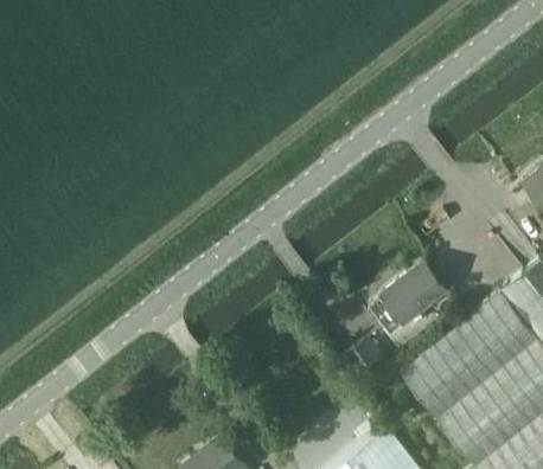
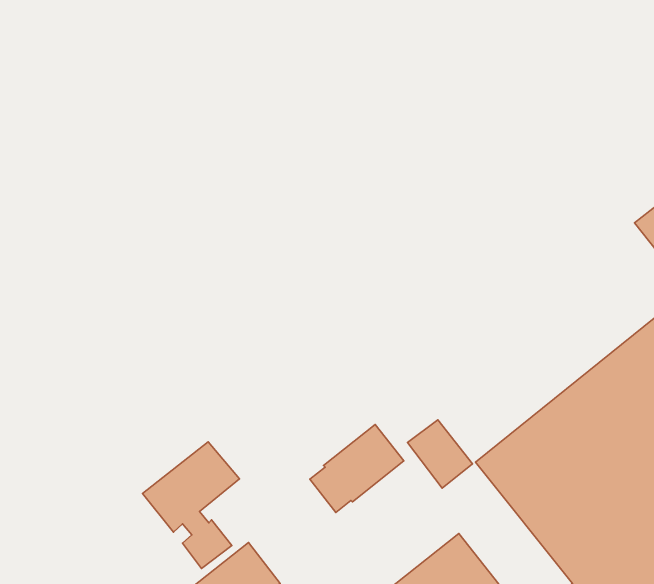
building: [372,263,446,332] -> [310,425,404,512]
building: none -> [143,442,240,569]

